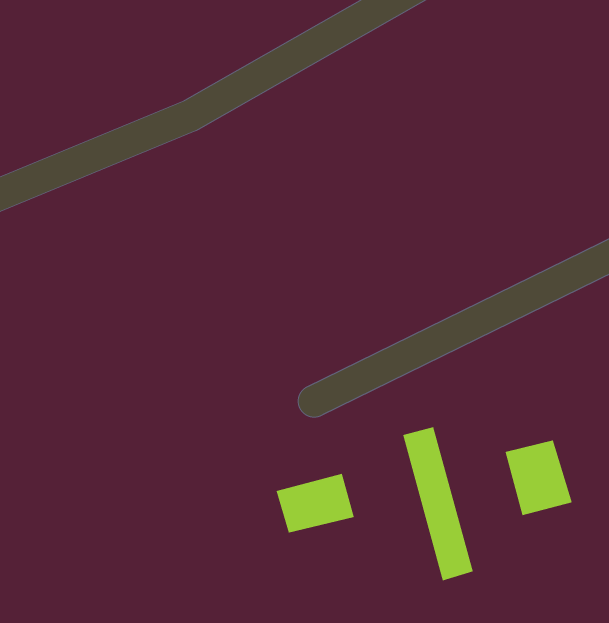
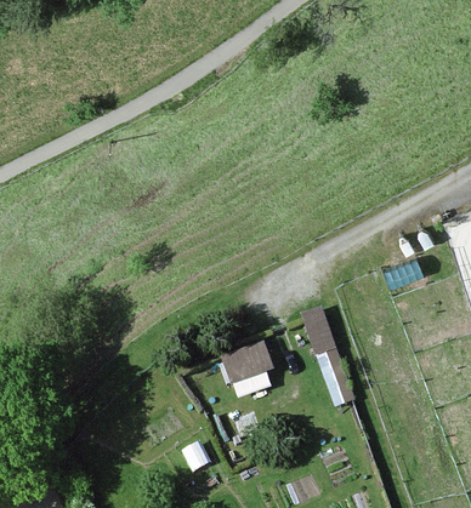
building: [505,440,573,516] -> none

